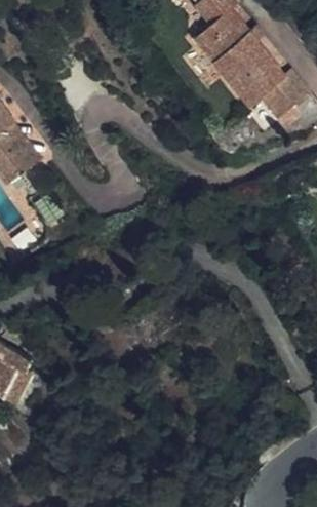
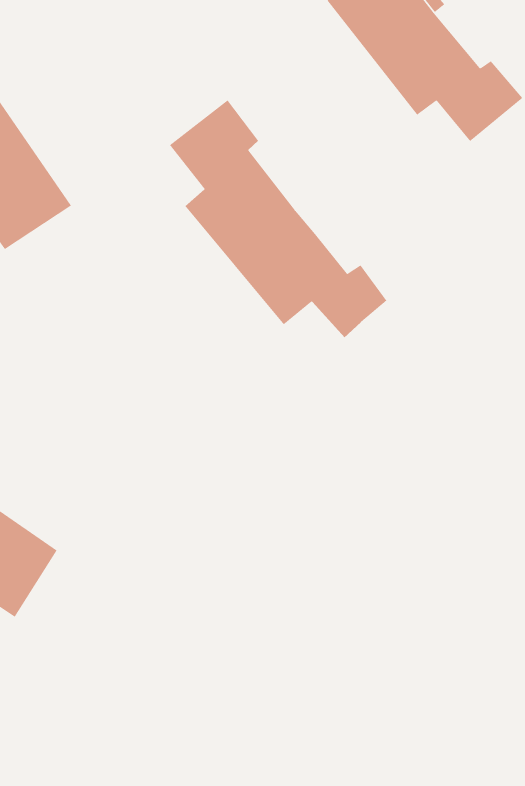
building: none -> [169,99,387,338]

